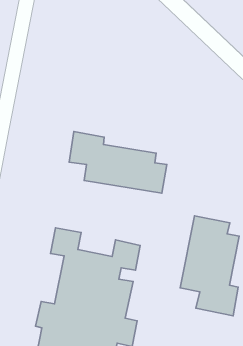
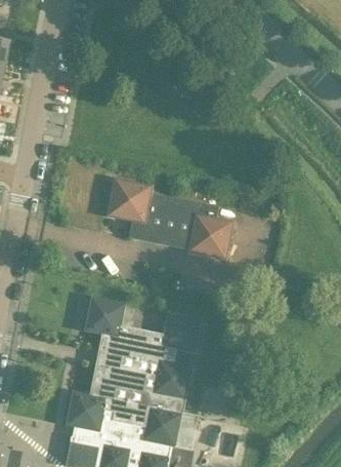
building: [180,216,239,316] -> none

